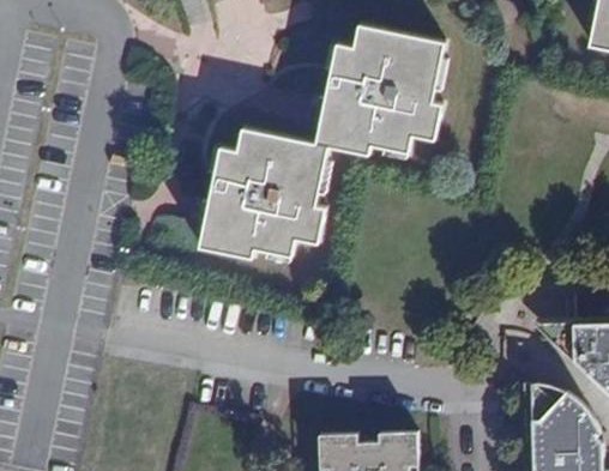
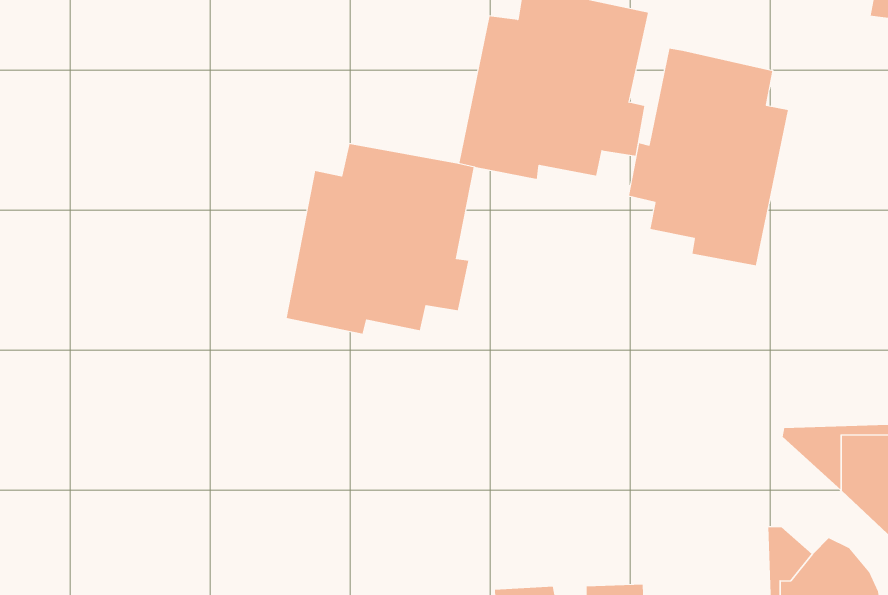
building: none -> [629,48,789,266]

